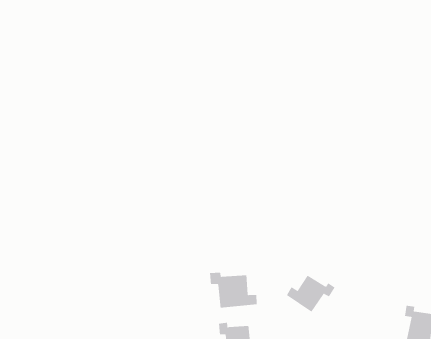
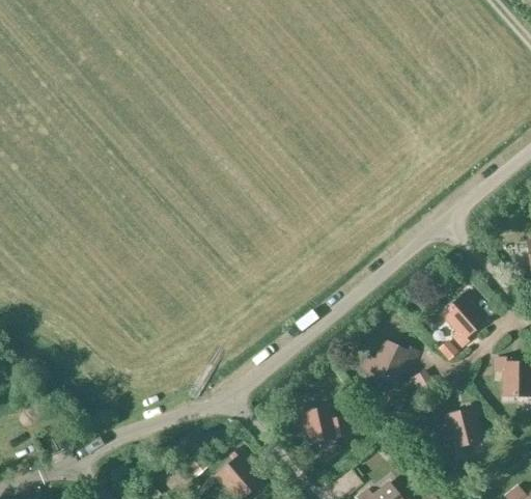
building: none -> [441,292,482,346]
building: [210,272,257,308] -> none

